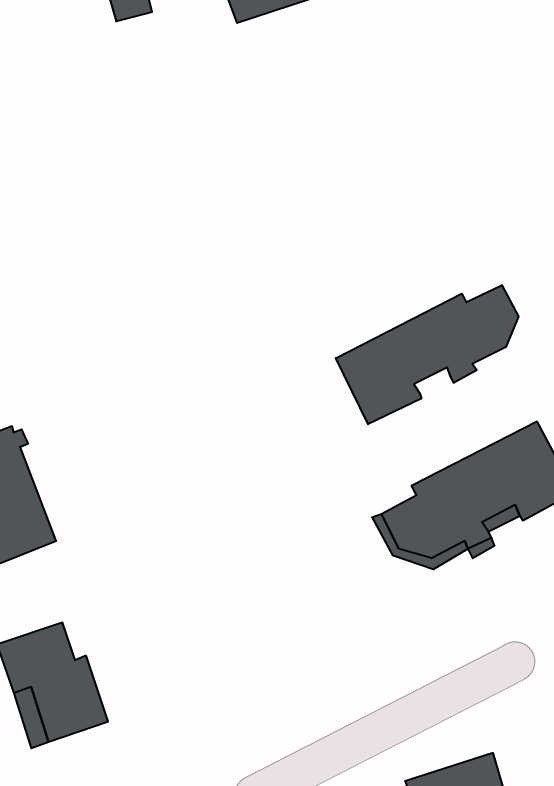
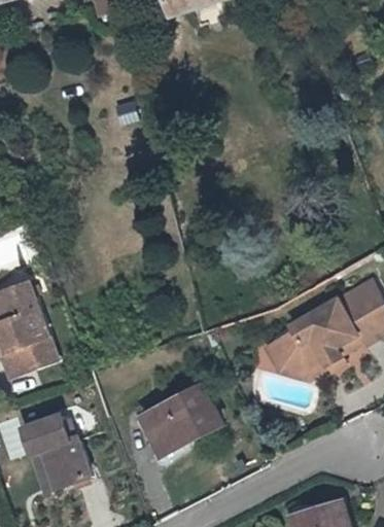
building: [336,285,518,424] -> none
building: none -> [145,385,222,452]

